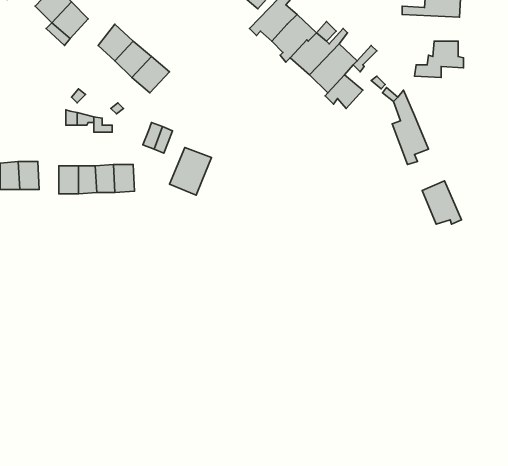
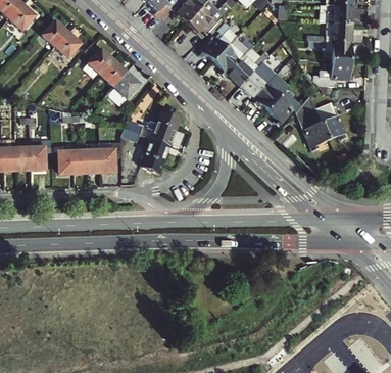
building: none -> [309,41,356,60]
building: none -> [268,96,298,125]
building: none -> [151,111,181,145]
building: [422,181,461,224] -> [319,107,347,139]

